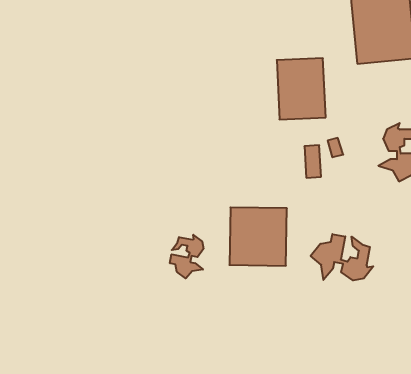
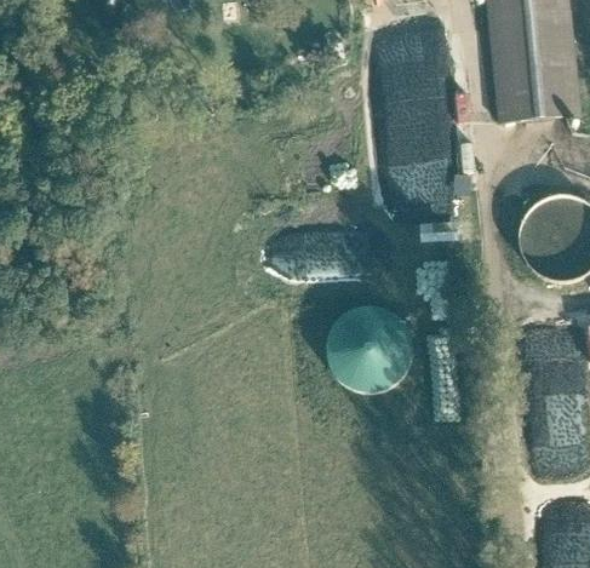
building: [311,234,373,280] -> none
building: [170,235,203,278] -> none

